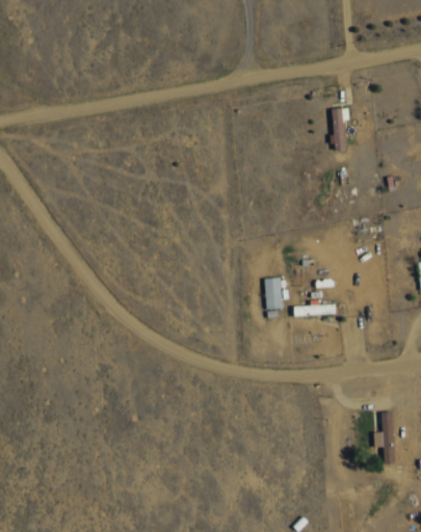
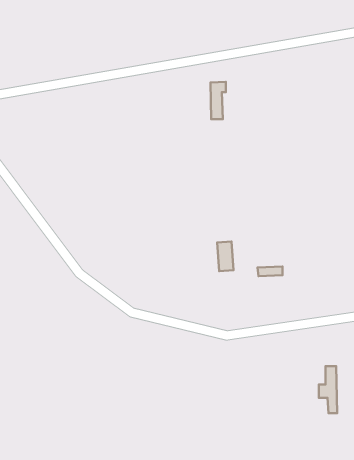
building: [332,108,348,149] -> [210,82,226,119]

